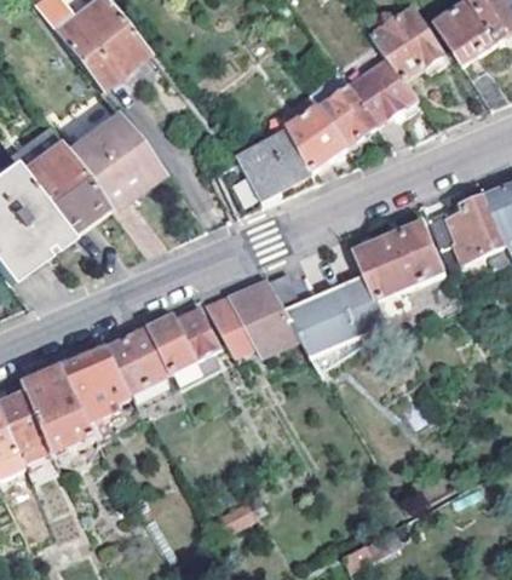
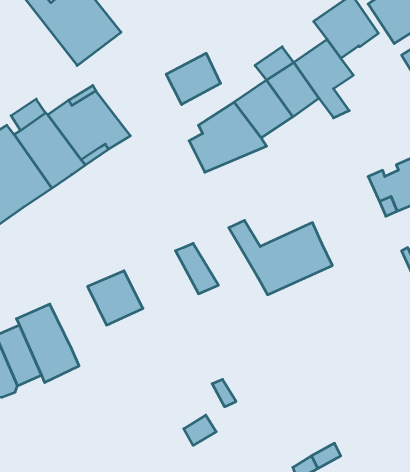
building: none -> [166,53,221,105]
building: [358,219,447,295] -> none
building: [231,277,306,352] -> none
building: [151,308,225,371] -> none
building: [65,348,134,418] -> none

